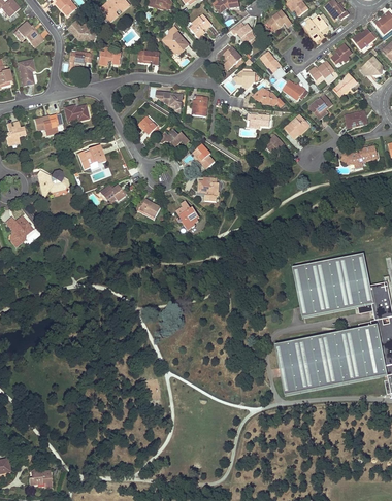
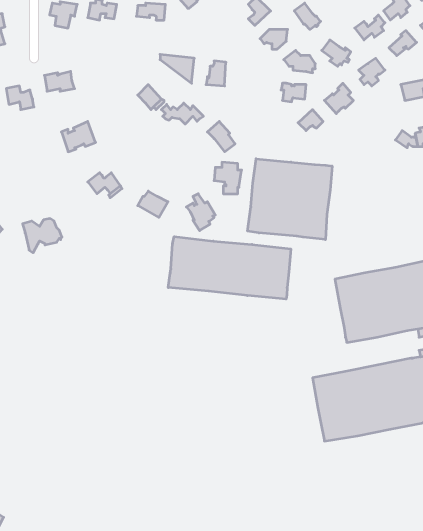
building: [36,169,67,196] -> [23,219,62,253]
building: none -> [248,159,332,240]
building: none -> [168,237,291,299]

